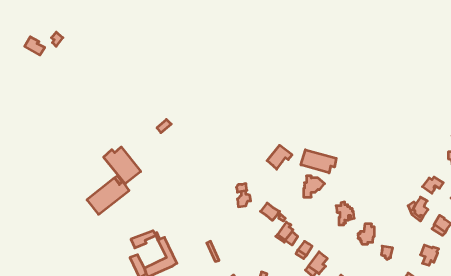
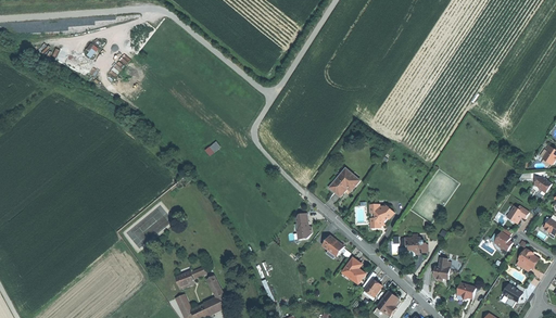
building: [104,147,141,184] -> none
building: [301,150,336,173] -> none

